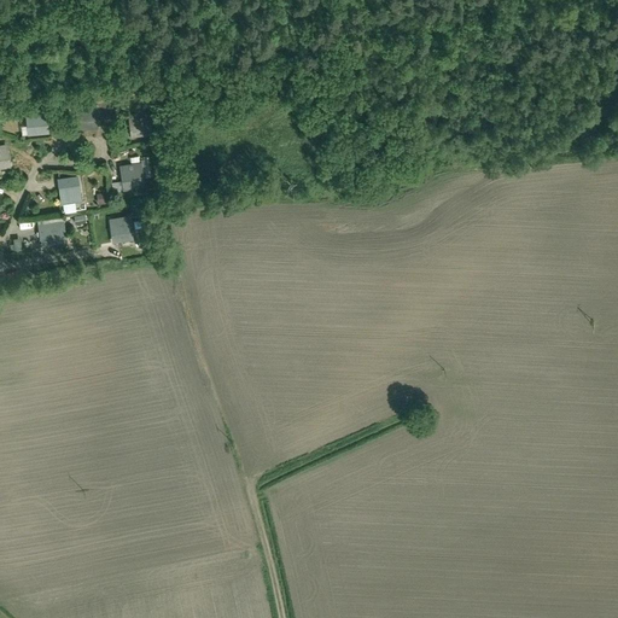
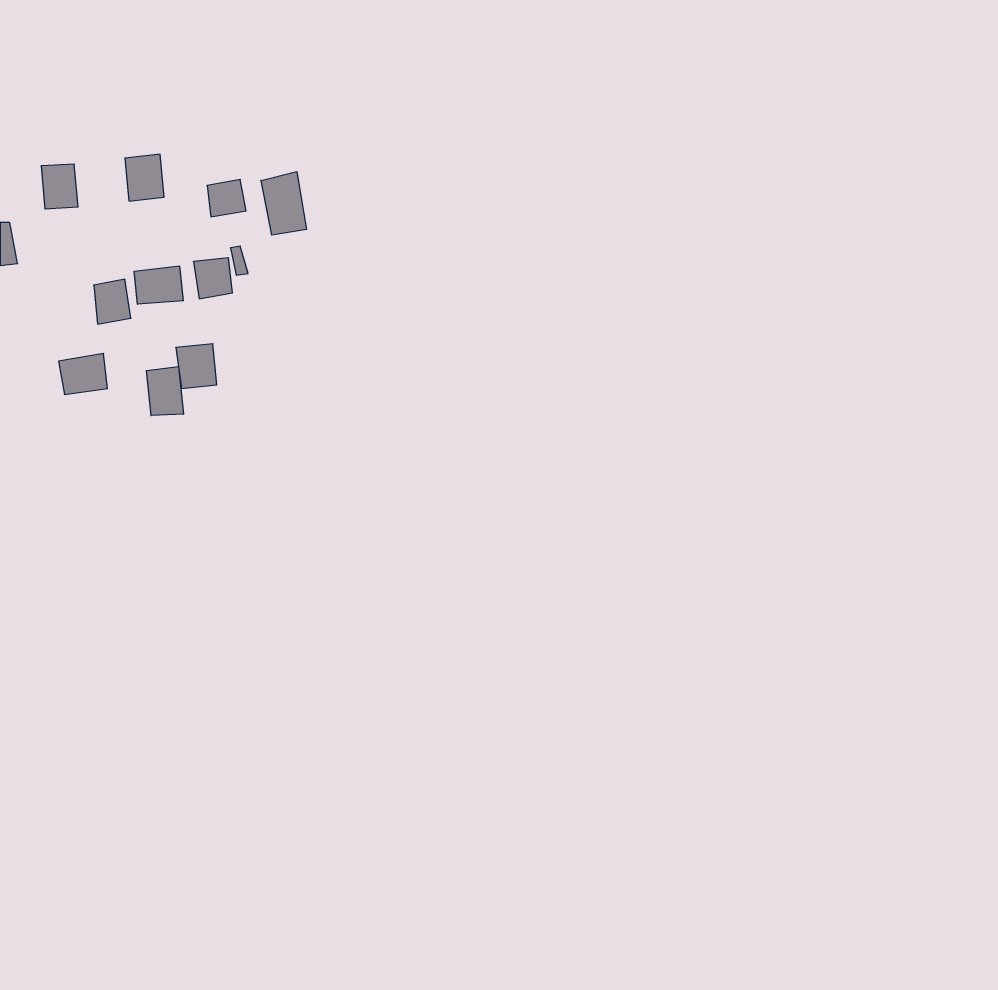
building: none -> [261,172,307,235]
building: none -> [134,266,183,304]
building: none -> [146,367,183,416]

